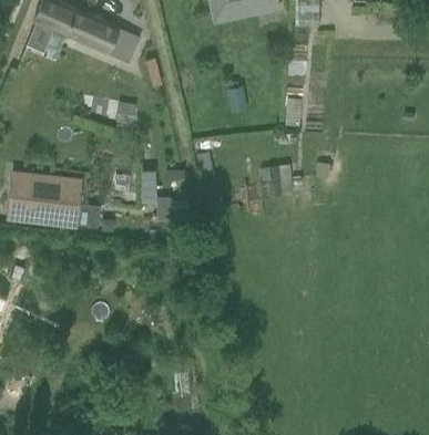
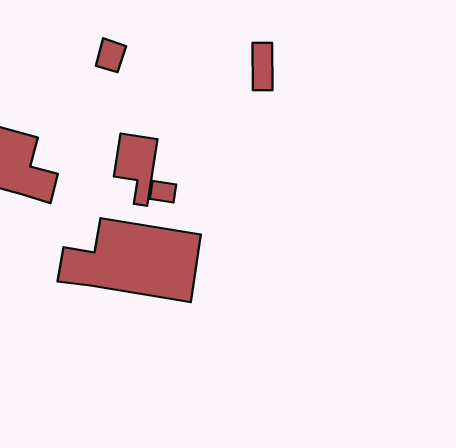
building: [265,163,293,193] -> none
building: none -> [58,218,201,302]

